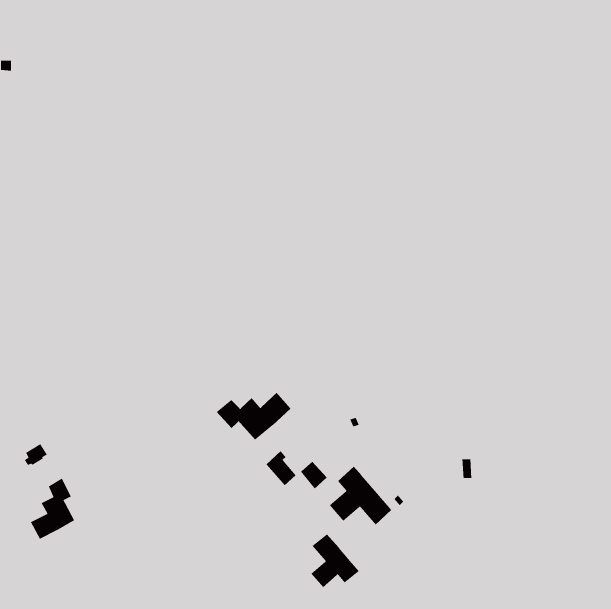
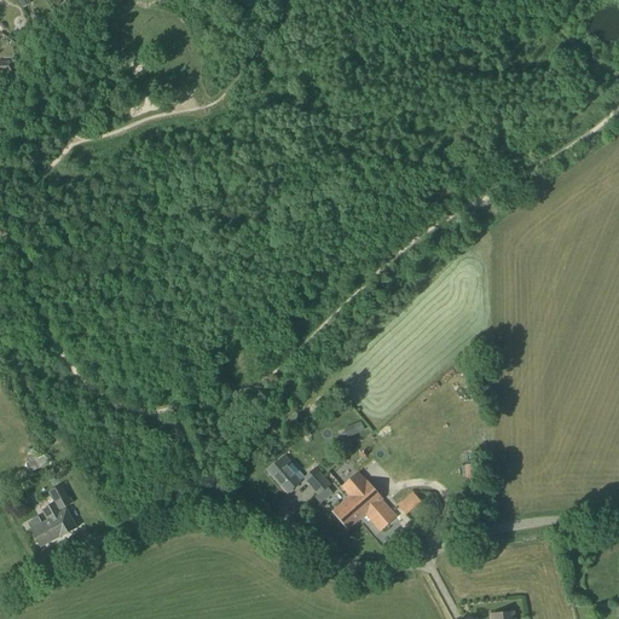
building: [216,392,292,441] -> none
building: [311,533,360,588] -> none

